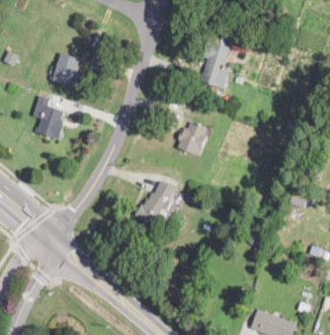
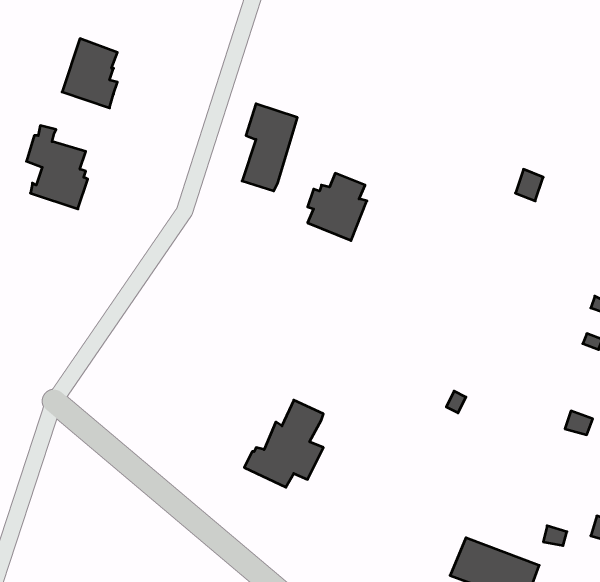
building: [201,41,230,85] -> [242,104,297,191]
building: [136,181,176,225] -> [244,400,323,487]

